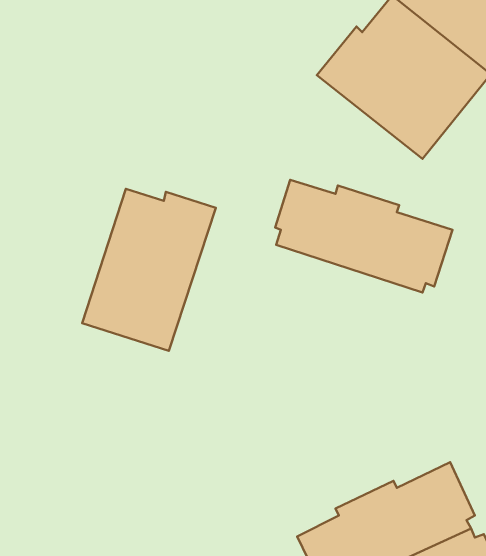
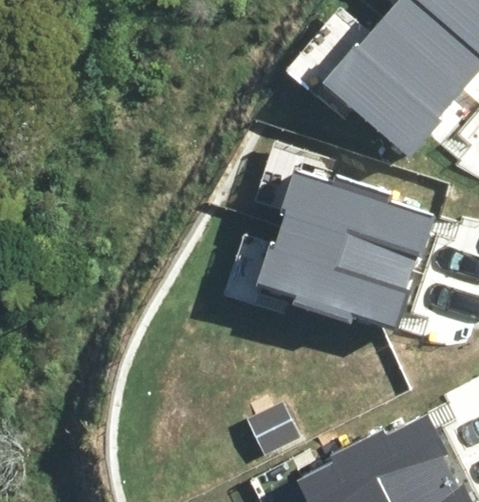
building: [82,189,216,351] -> none
building: none -> [258,228,412,327]

